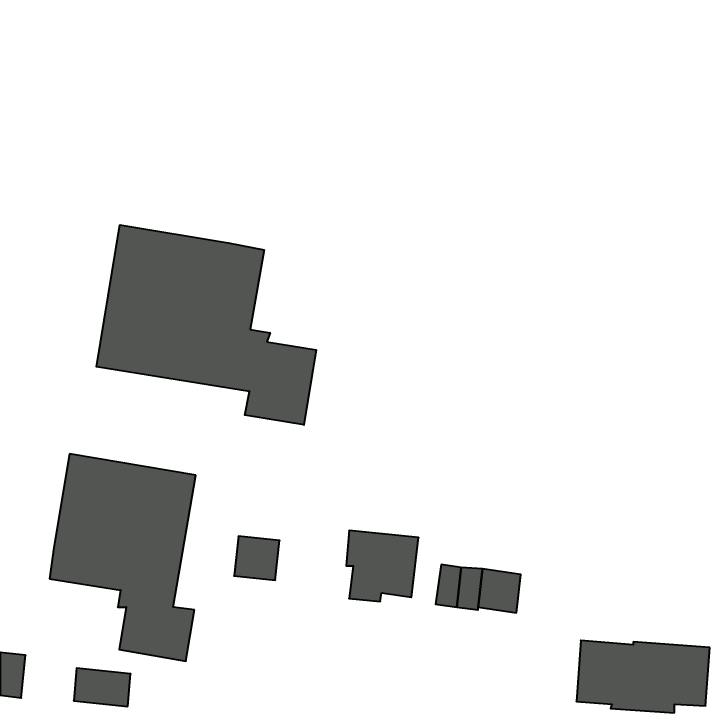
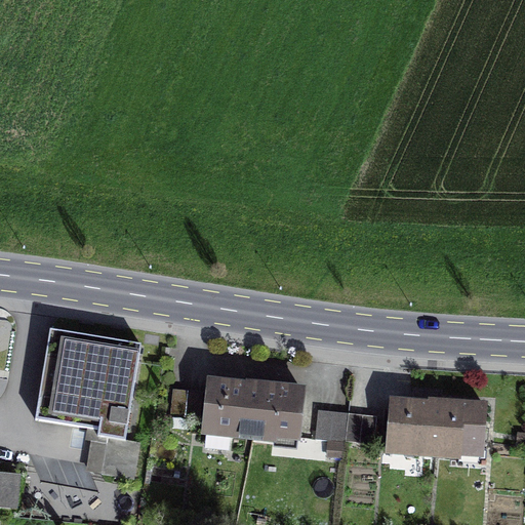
building: [96,225,316,425] -> none
building: none -> [203,381,255,447]
building: [576,640,710,713] -> [389,400,485,452]

